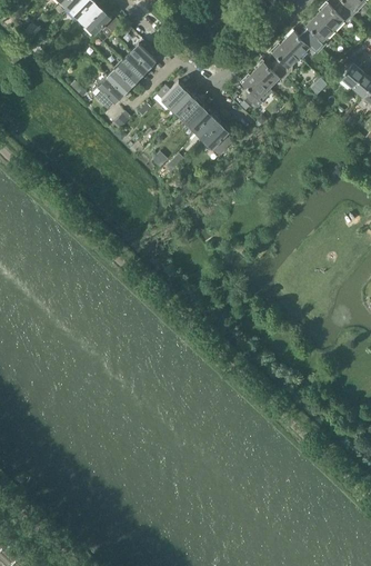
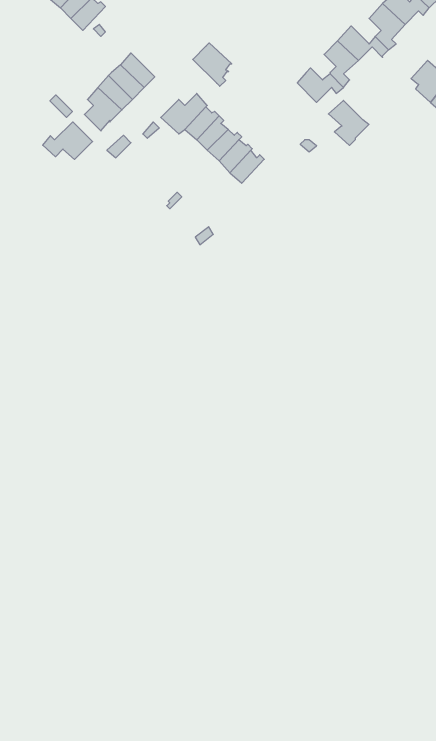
building: [130,39,159,71] -> [193,43,232,86]
building: [242,73,272,107] -> [328,100,369,145]
building: none -> [43,122,93,159]

